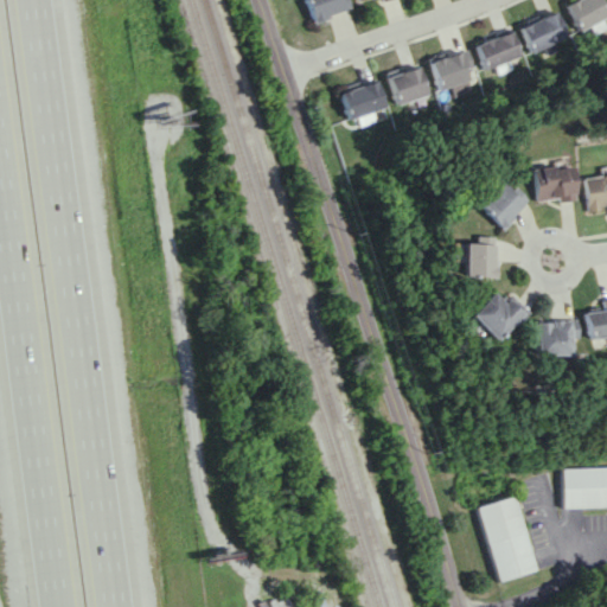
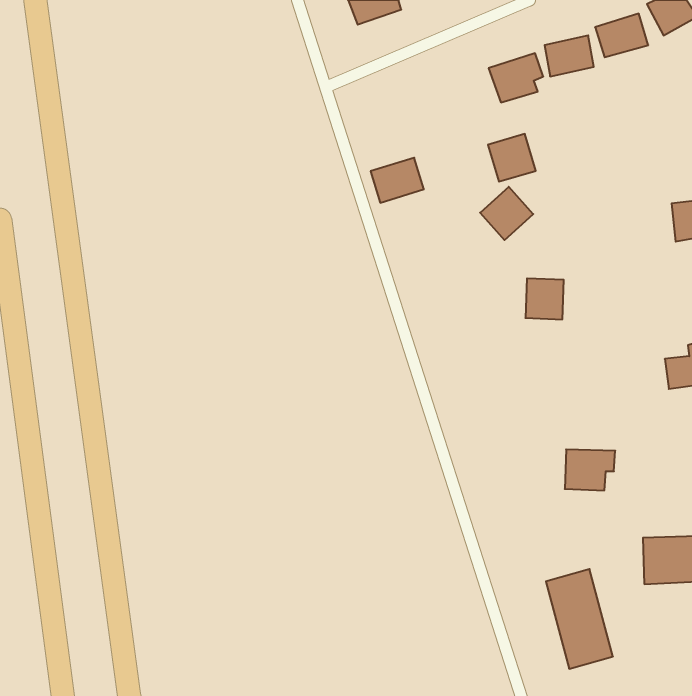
building: [389,64,430,106] -> [488,134,536,182]
building: [341,81,388,120] -> [371,158,424,203]
building: [535,165,581,203] -> none
building: [480,184,526,230] -> [480,187,533,240]
building: [466,293,525,343] -> none
building: [531,320,575,356] -> [565,449,615,490]

